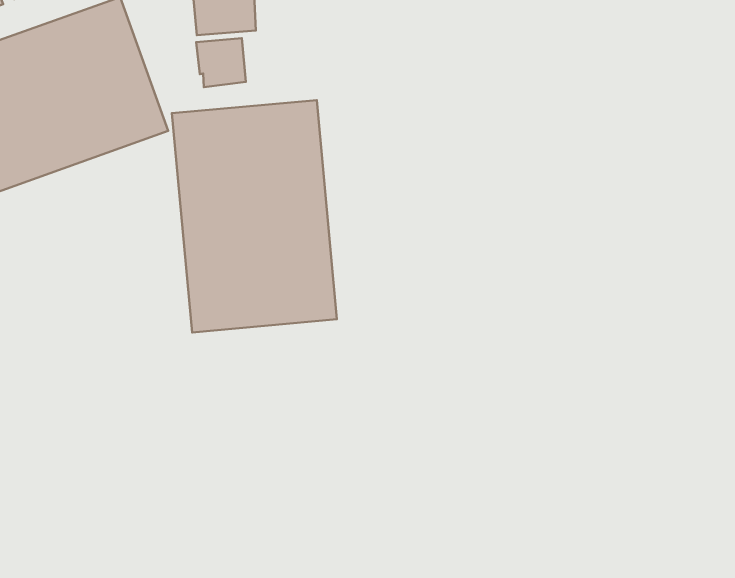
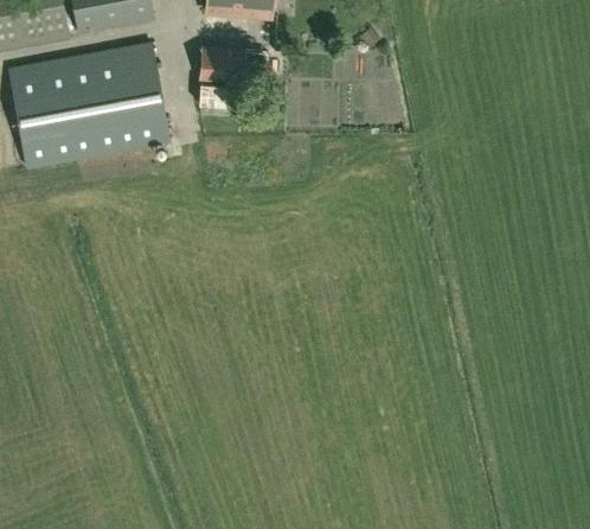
building: [172,100,337,332] -> none

